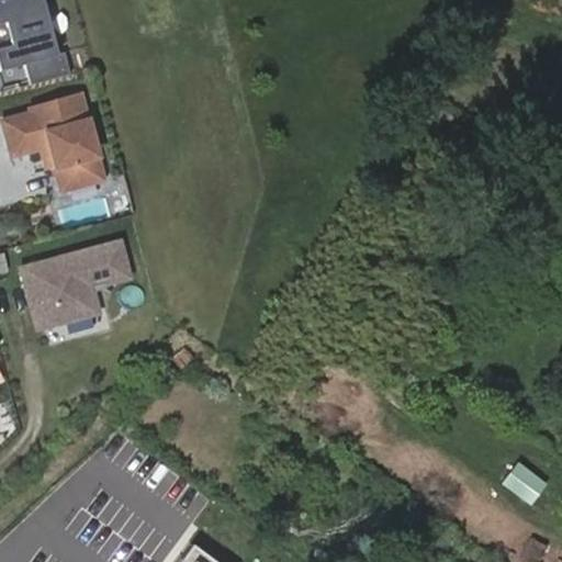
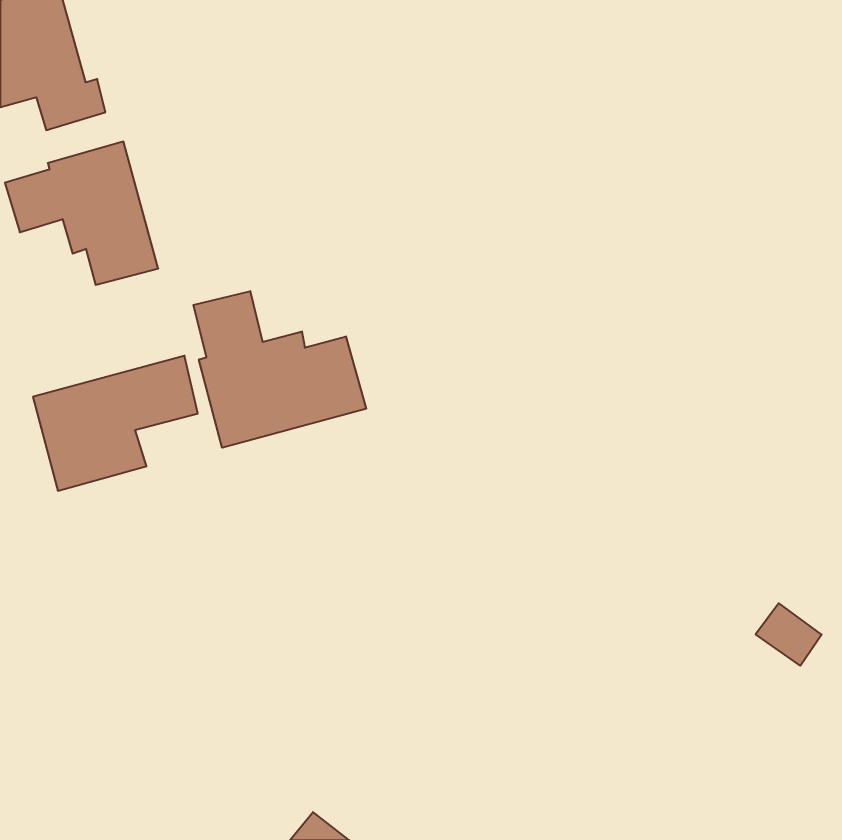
building: none -> [193,291,366,448]
building: [501,463,544,505] -> [756,603,822,666]

